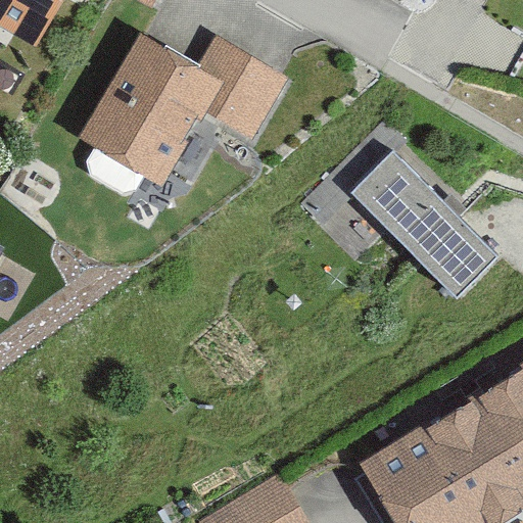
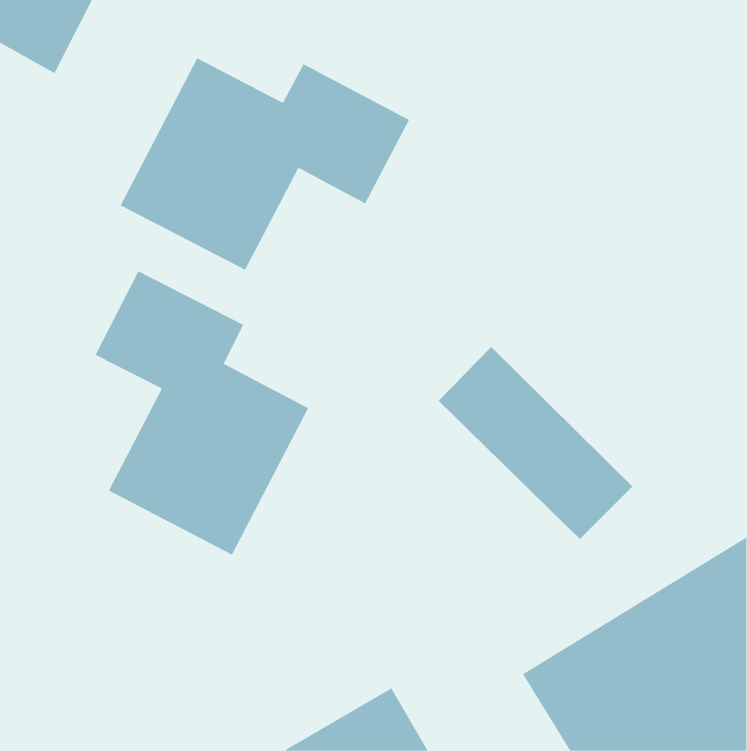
building: [361,158,495,292] -> [438,346,633,540]
building: none -> [95,270,309,555]

